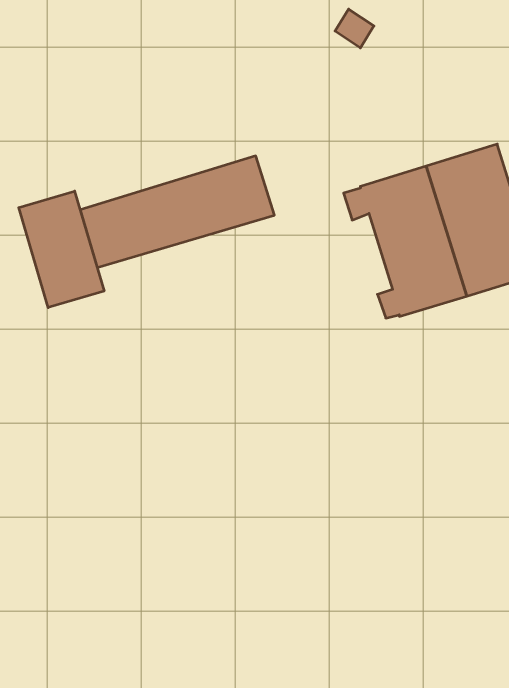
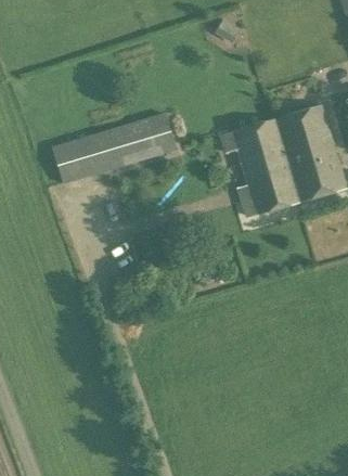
building: [19,191,104,308] -> none

